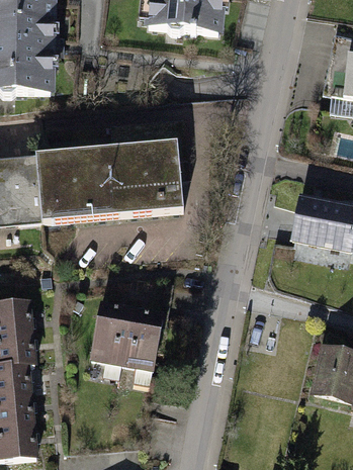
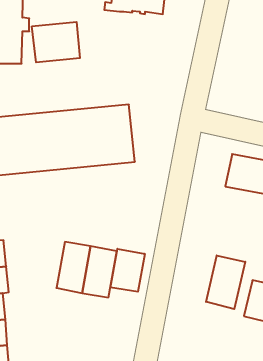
building: none -> [32,22,80,62]
building: none -> [110,249,145,292]
building: none -> [206,255,245,309]

